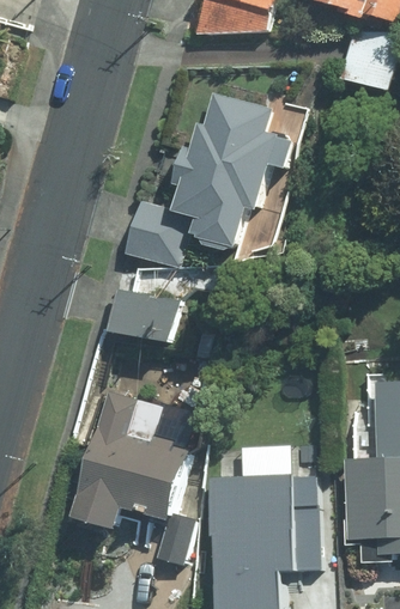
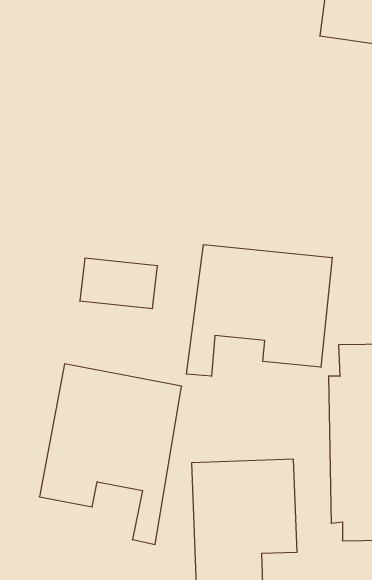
building: [120,92,298,270] -> none
building: none -> [186,245,332,376]

